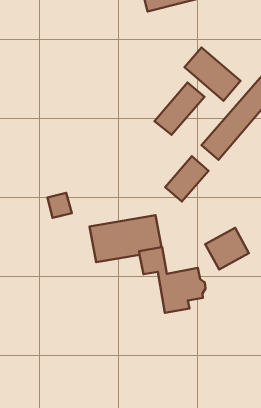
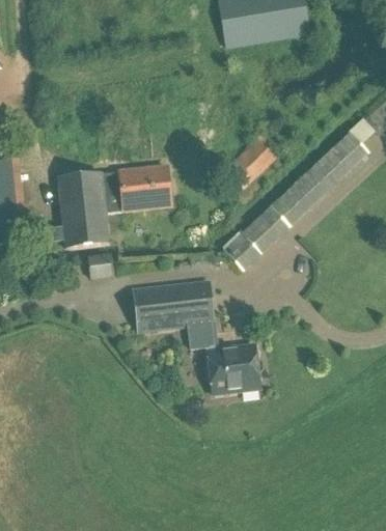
building: [184,48,241,101] -> none
building: none -> [48,166,171,246]
building: [205,228,249,270] -> none

